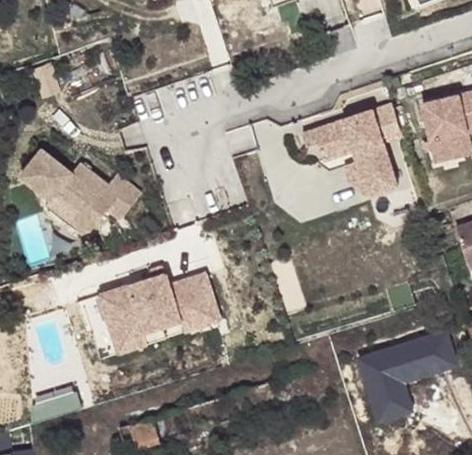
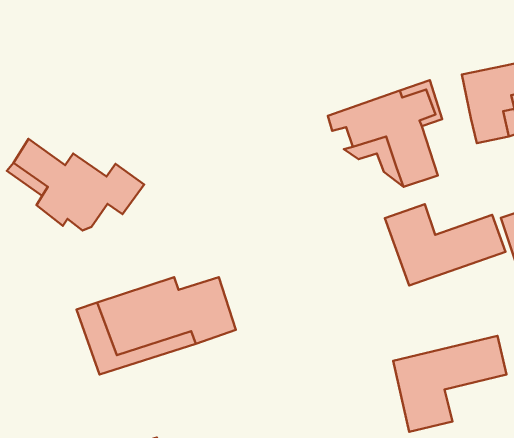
building: none -> [385,204,505,285]

